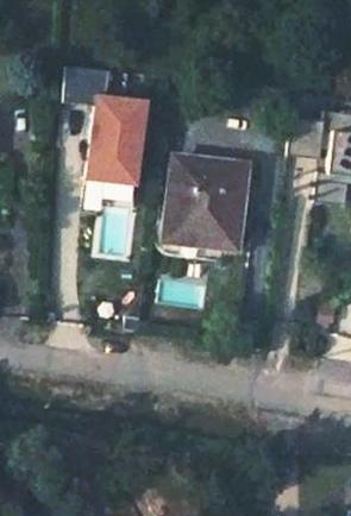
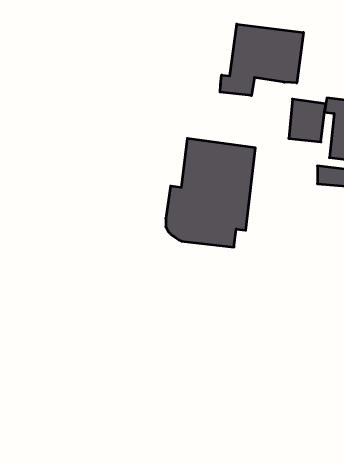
building: none -> [220,24,303,96]
building: [58,68,137,187] -> none

